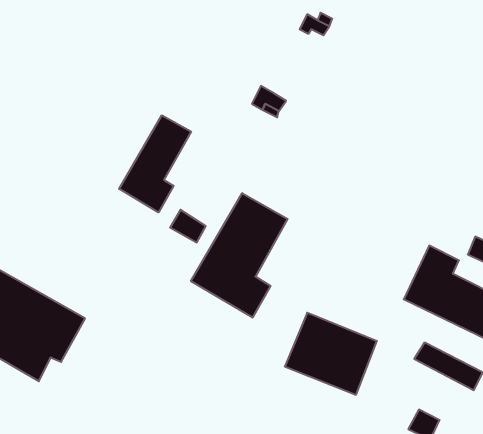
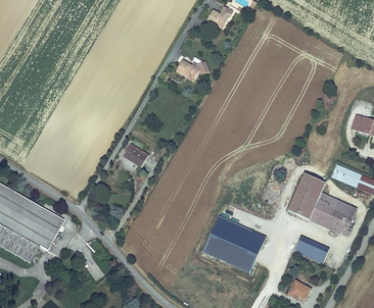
building: [119,115,191,212] -> none
building: [191,193,288,318] -> none

